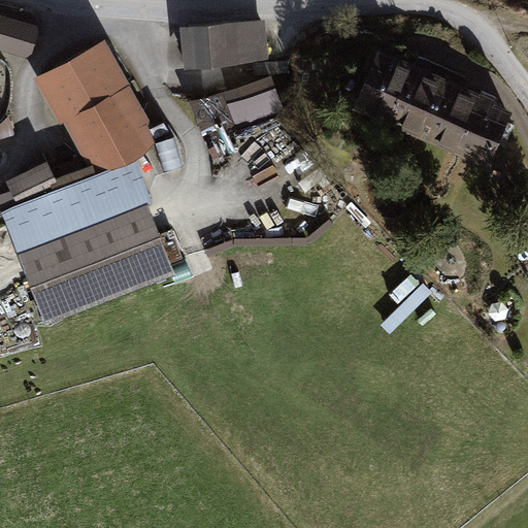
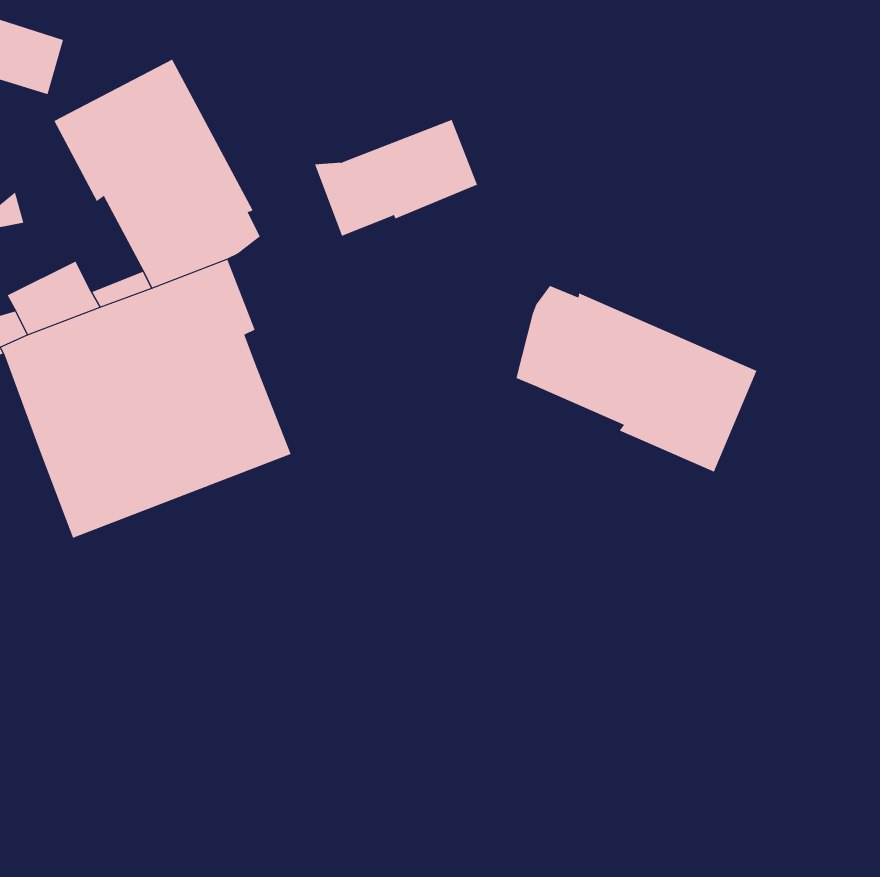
building: [179,20,268,68] -> none
building: [353,48,513,167] -> none
building: none -> [516,285,757,473]

